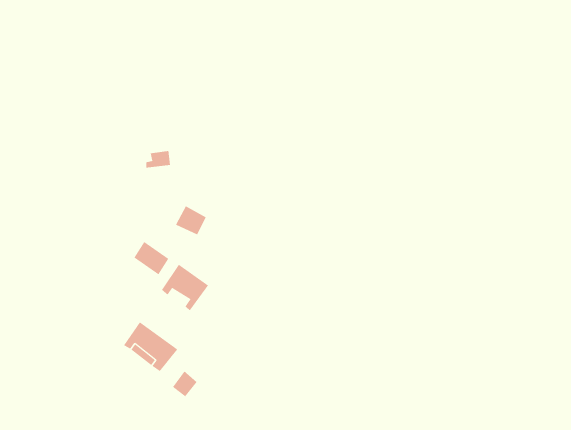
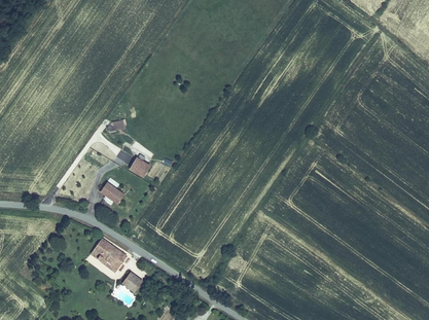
building: [161,264,209,311] -> none

